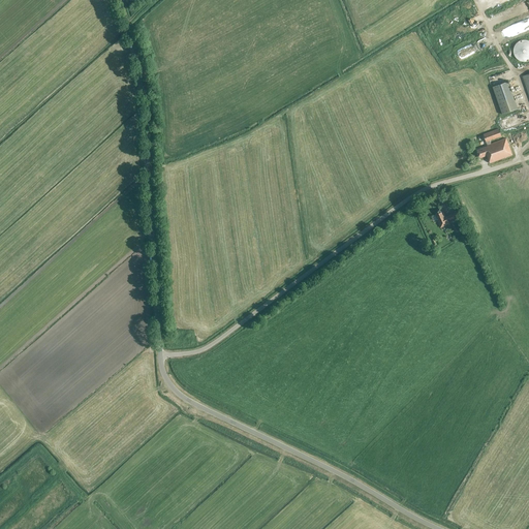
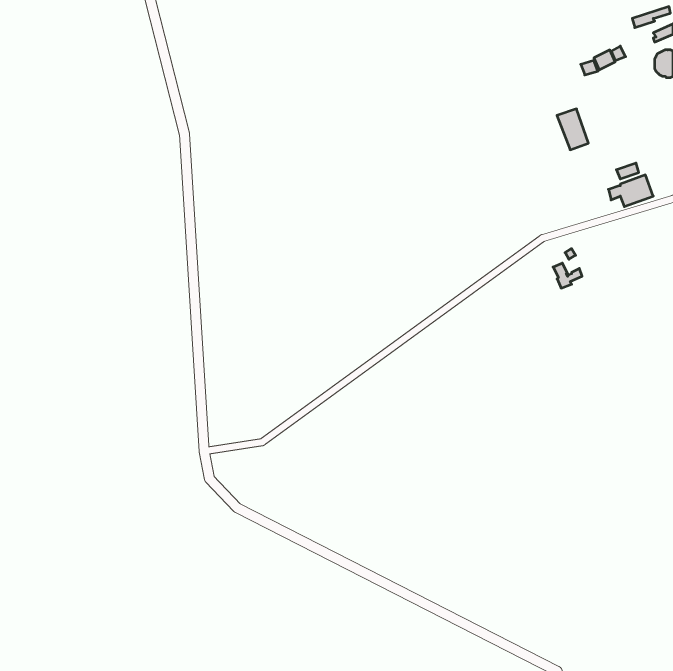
building: [493,81,518,113] -> [557,109,588,150]

